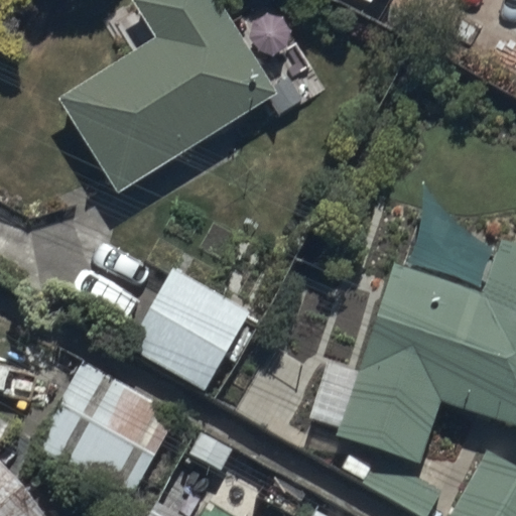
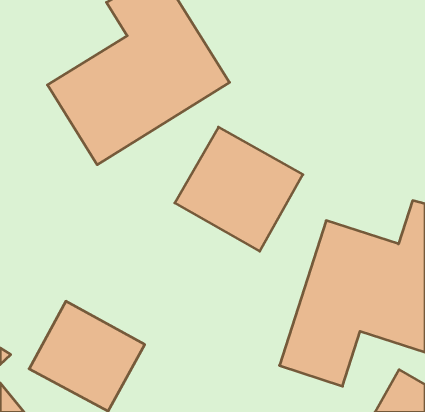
building: none -> [175,127,303,251]
building: [126,264,253,391] -> none

